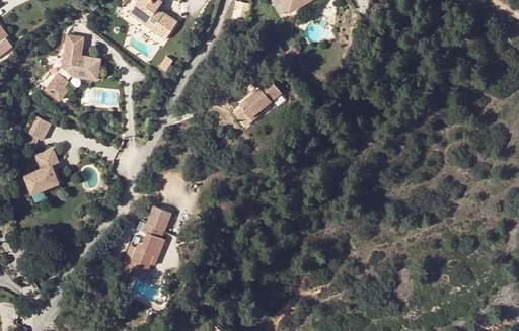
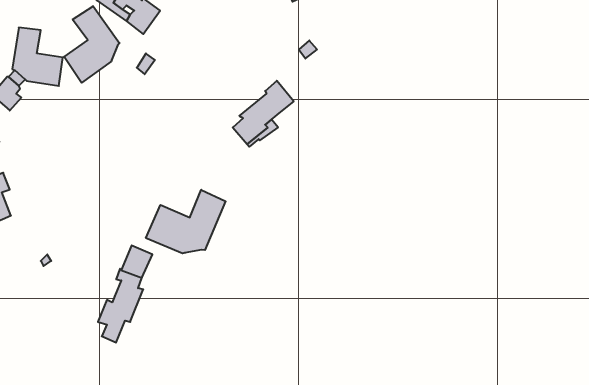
building: none -> [64,6,120,83]
building: none -> [146,190,226,253]

